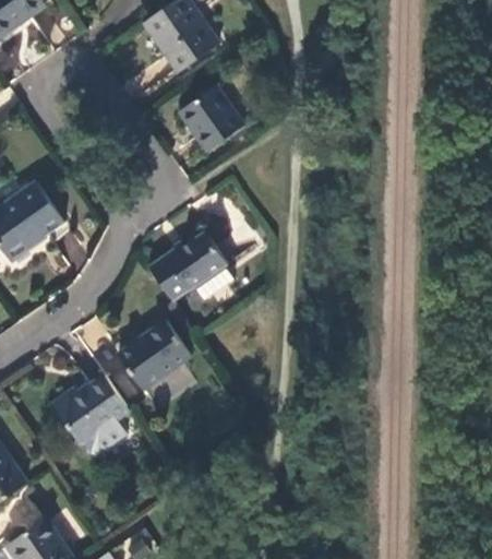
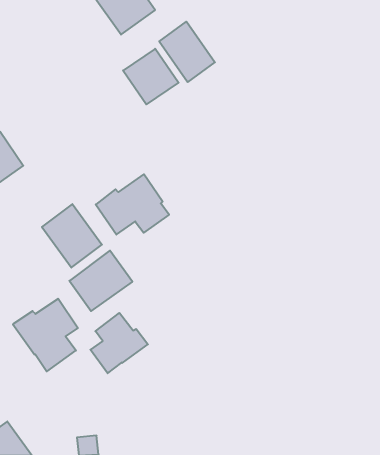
building: none -> [159,22,215,82]
building: none -> [42,204,102,268]
building: none -> [90,313,148,373]

